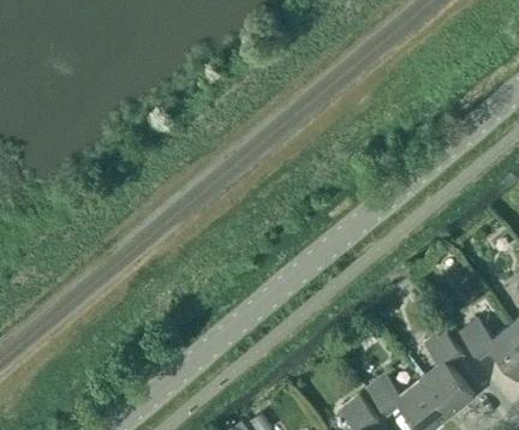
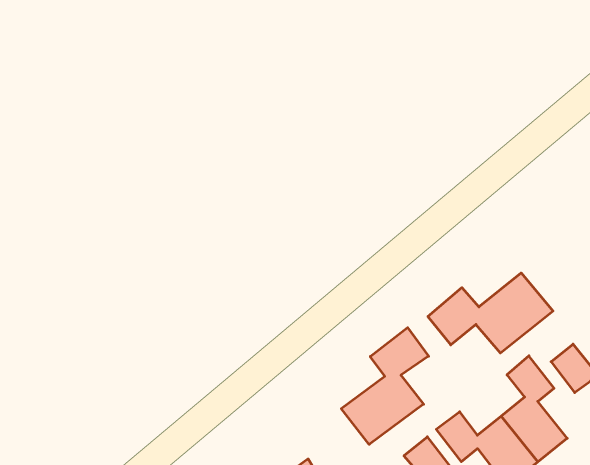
building: none -> [428,273,553,353]
building: none -> [341,328,429,444]

